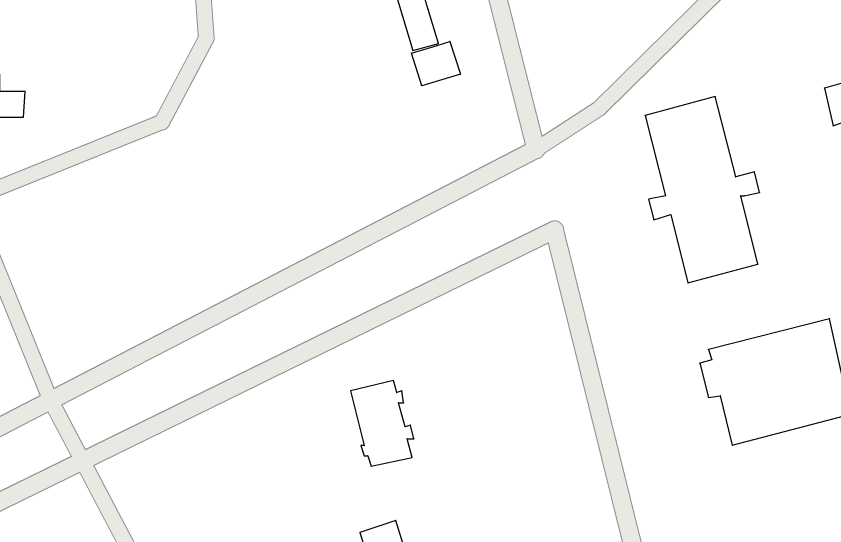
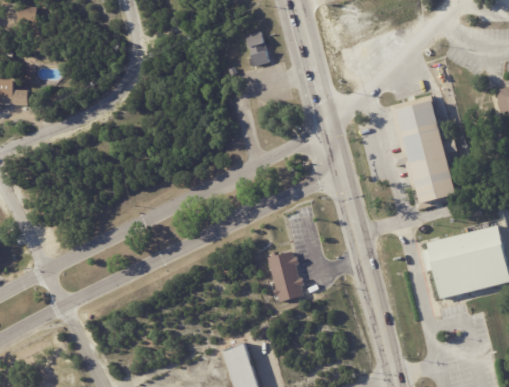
building: [411,41,460,86] -> none
building: [351,381,414,466] -> [267,251,304,301]

